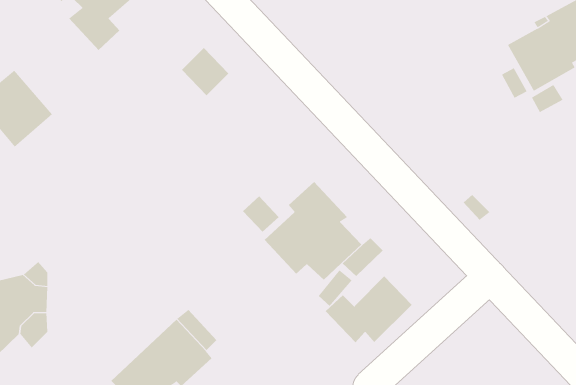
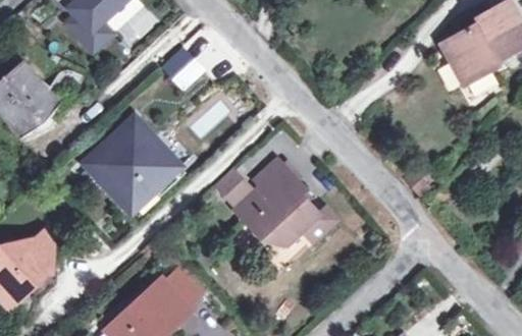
building: none -> [91,123,181,217]
building: [325,275,412,343] -> none

